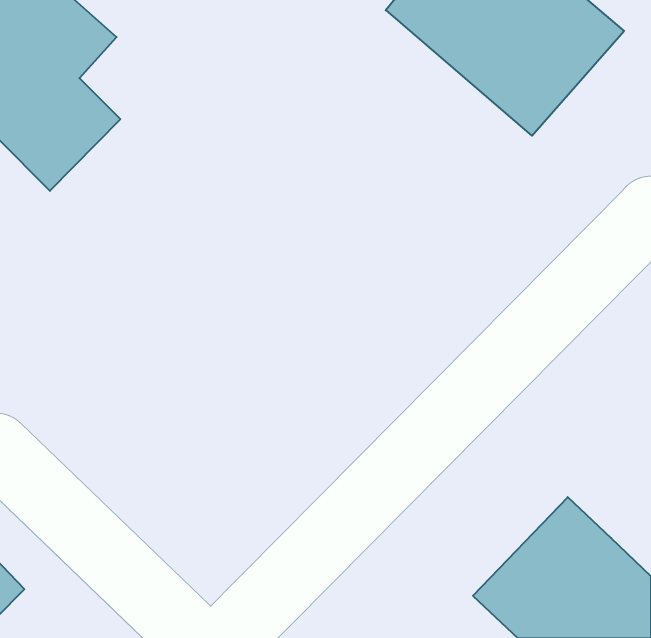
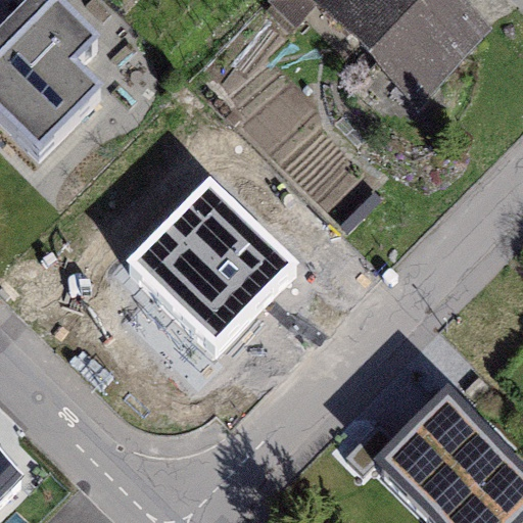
building: none -> [124,174,294,343]

